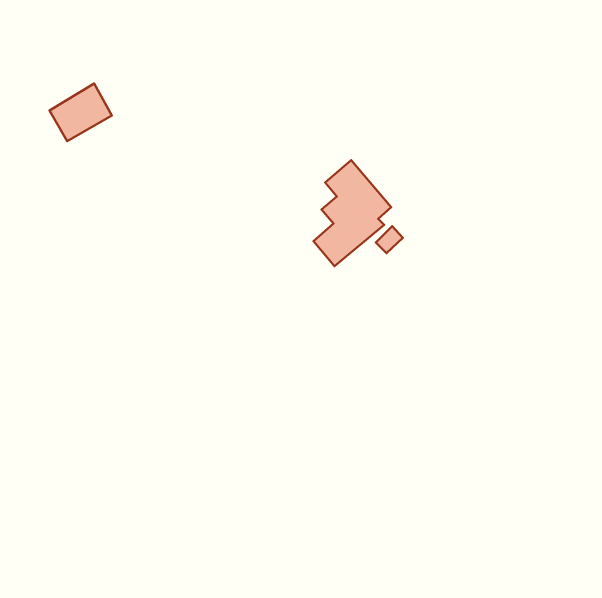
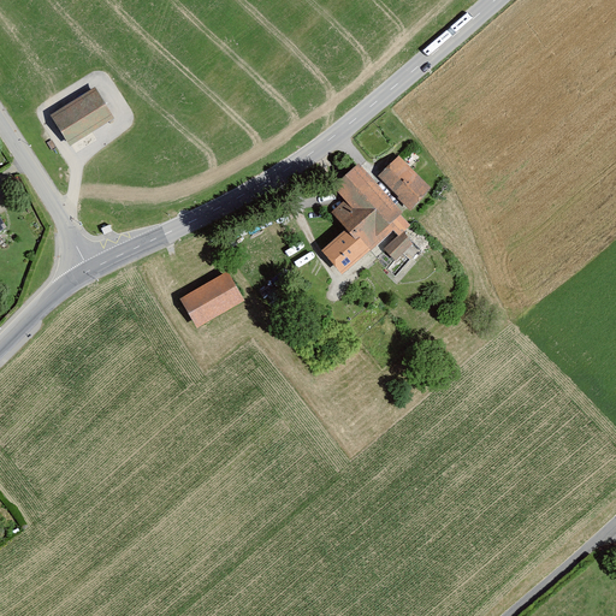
building: none -> [378,155,430,208]
building: none -> [179,271,243,328]

